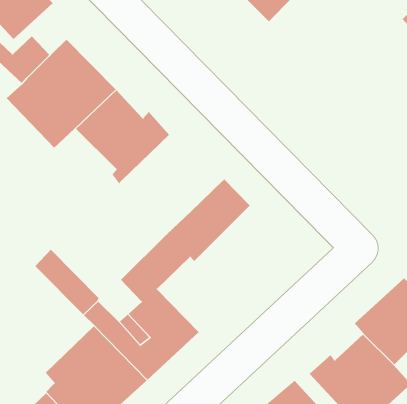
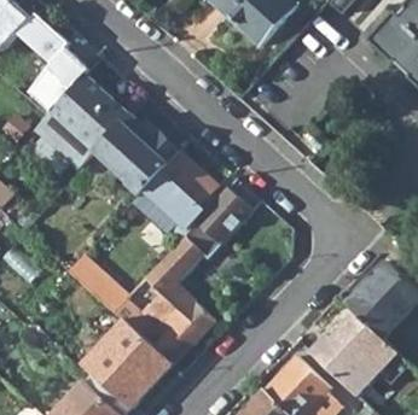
building: none -> [139,150,215,229]

